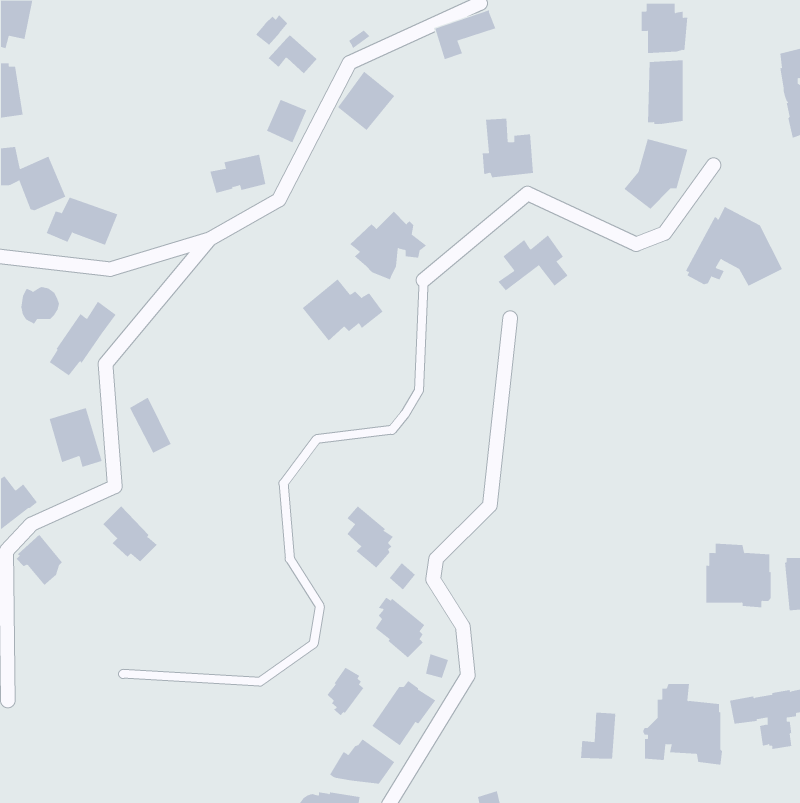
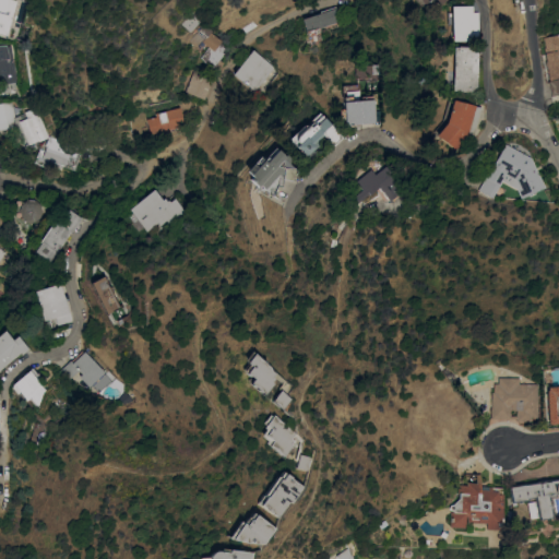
building: none -> [289,111,342,156]
building: [302,278,384,341] -> [131,189,188,233]
building: [327,667,364,716] -> none
building: [580,712,617,759] -> none

